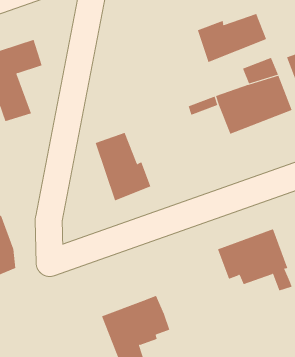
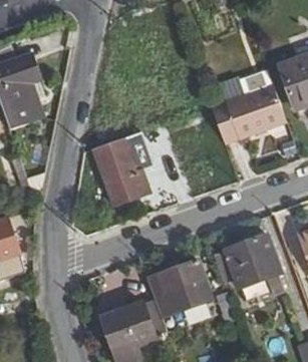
building: [197,13,267,63] -> none
building: none -> [147,258,212,330]

